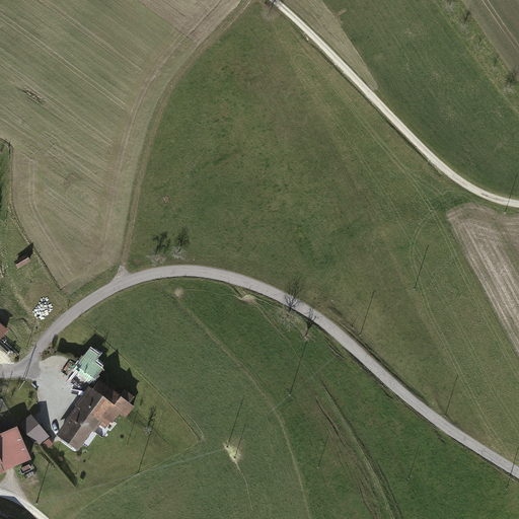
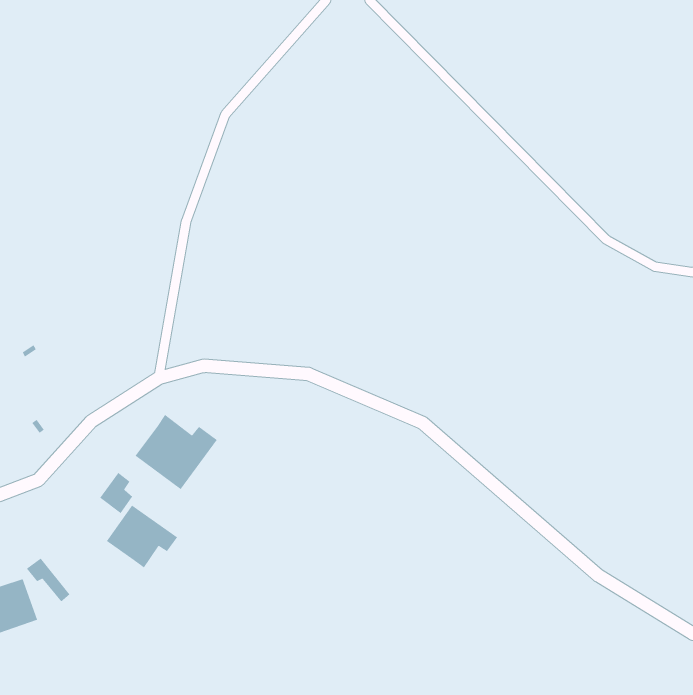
building: none -> [134,414,218,490]
building: [57,403,99,446] -> none

